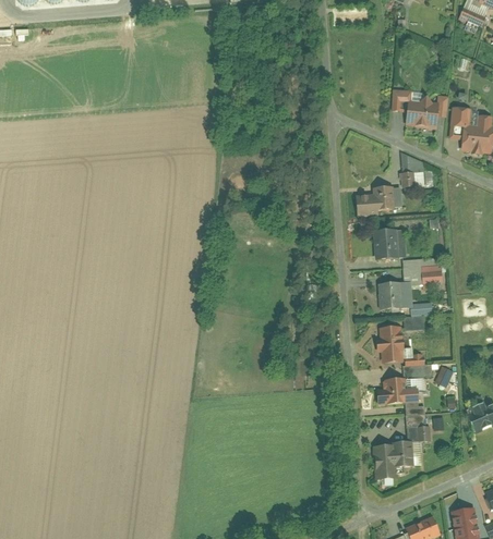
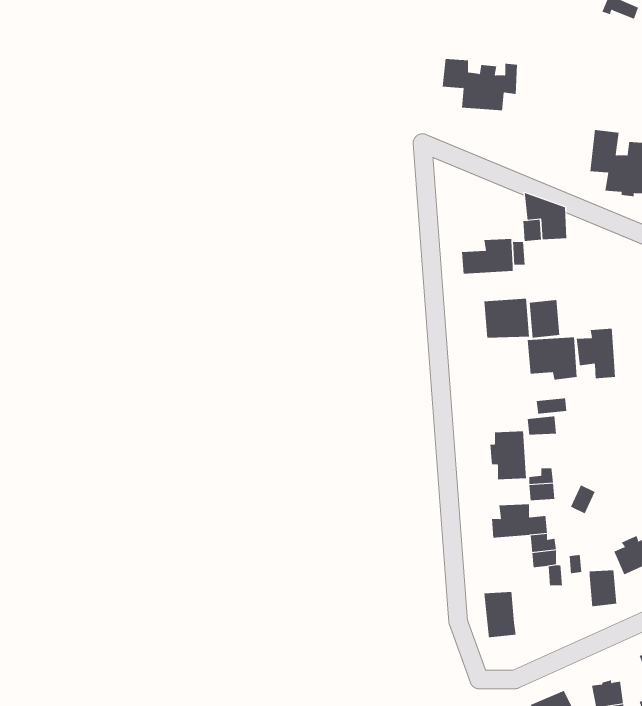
building: [392,89,447,127] -> [442,59,518,111]
building: none -> [576,328,616,379]
building: [378,281,401,309] -> [529,300,560,338]
building: [393,439,413,466] -> [589,570,617,607]

